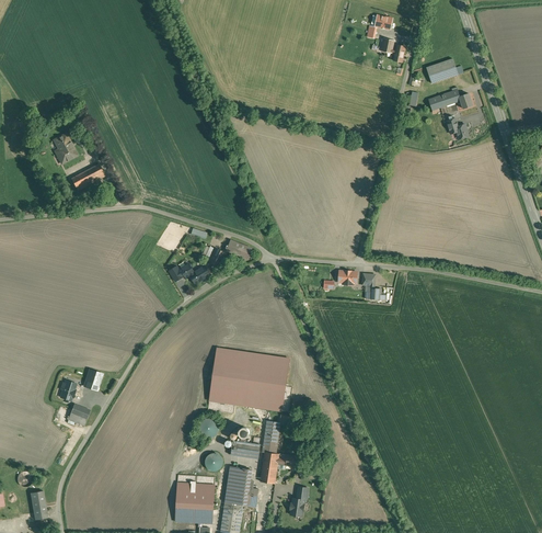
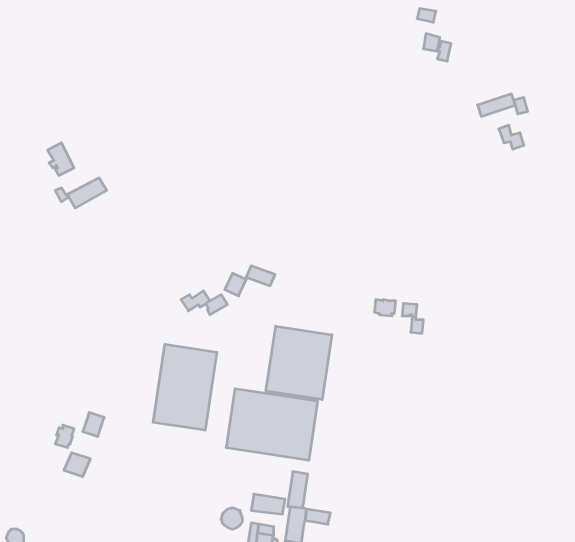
building: [425,58,457,82] -> none
building: none -> [266,326,332,400]
building: none -> [153,344,217,430]

